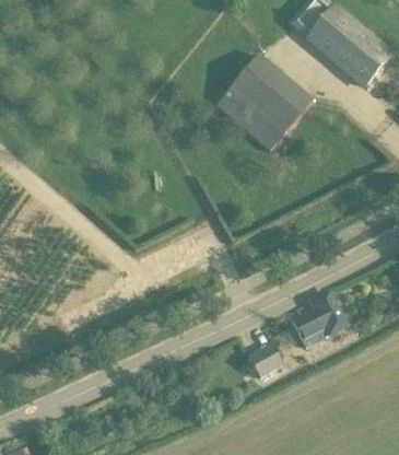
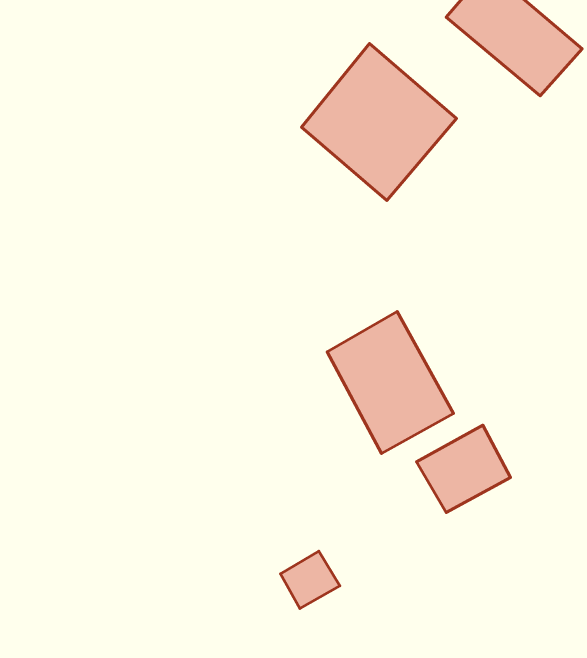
building: none -> [327,312,454,454]
building: [246,341,283,377] -> [280,551,340,609]

